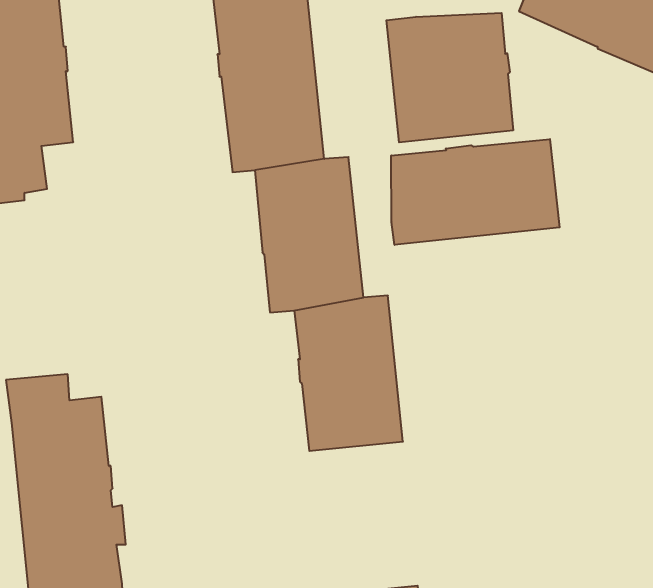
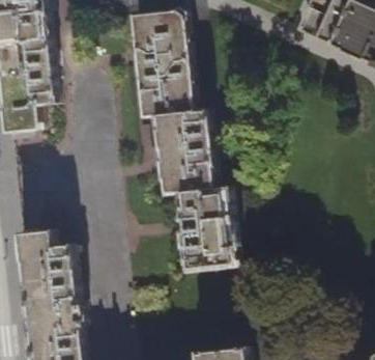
building: [386,13,513,142] -> none
building: [391,139,560,245] -> none

